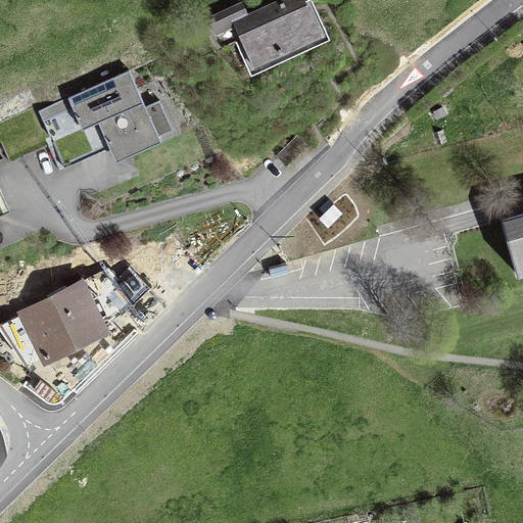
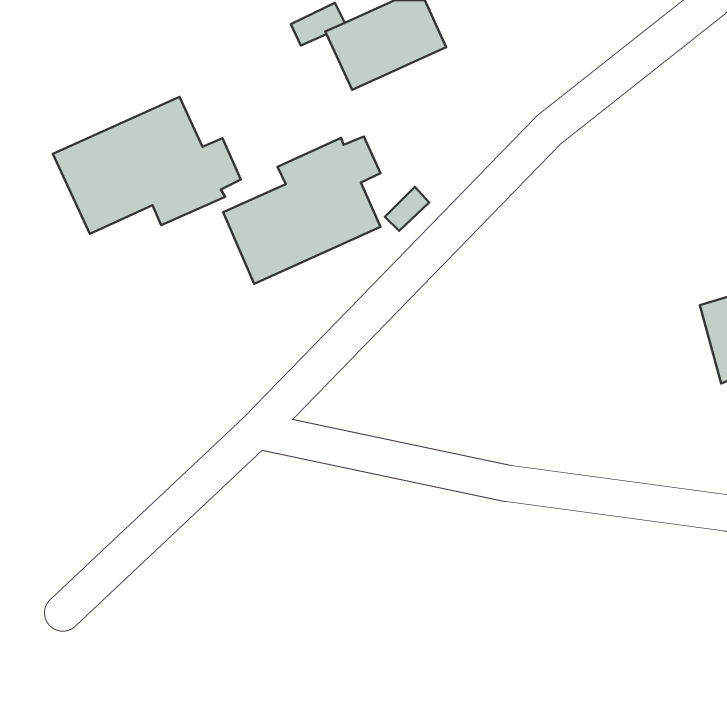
building: none -> [223,137,381,284]
building: [25,283,104,358] -> none

